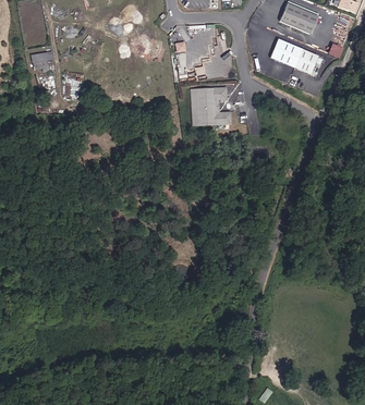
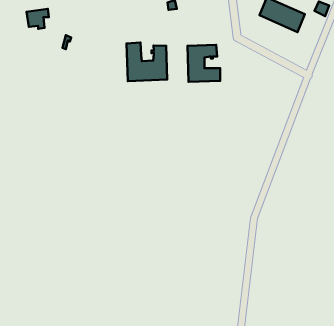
building: none -> [127,43,167,81]

